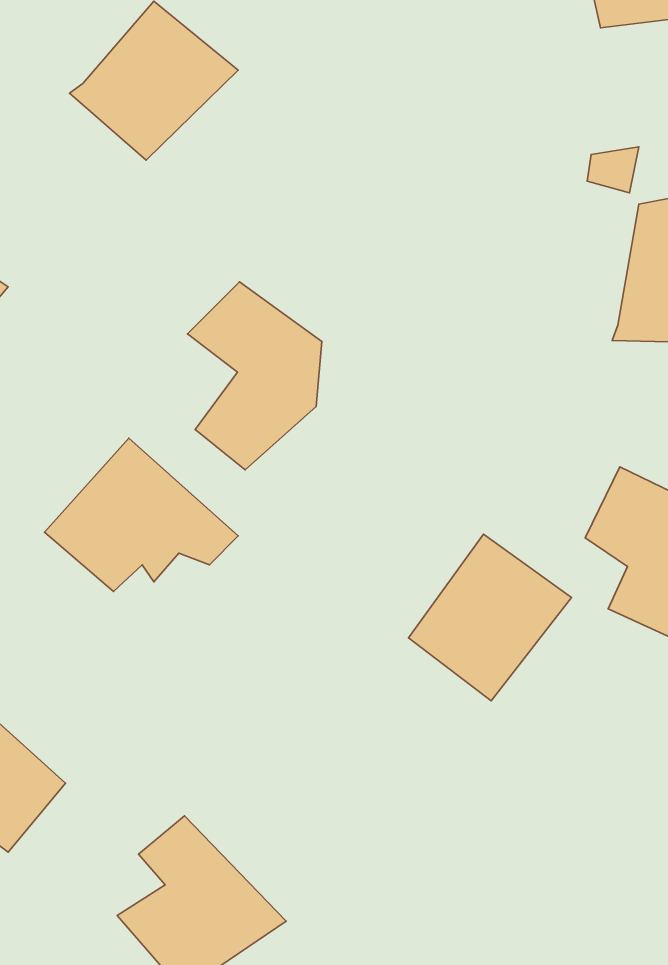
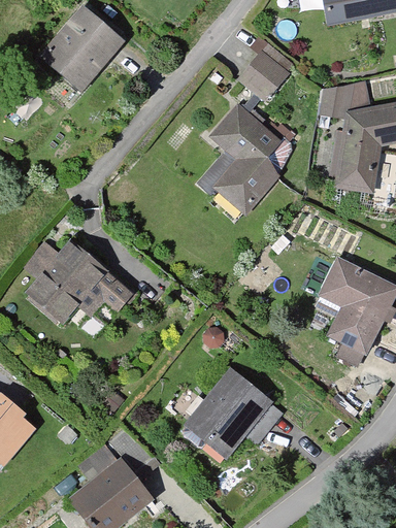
building: none -> [235,50,288,100]
building: [188,282,322,470] -> [208,106,280,207]
building: [409,534,572,701] -> [186,367,273,457]

